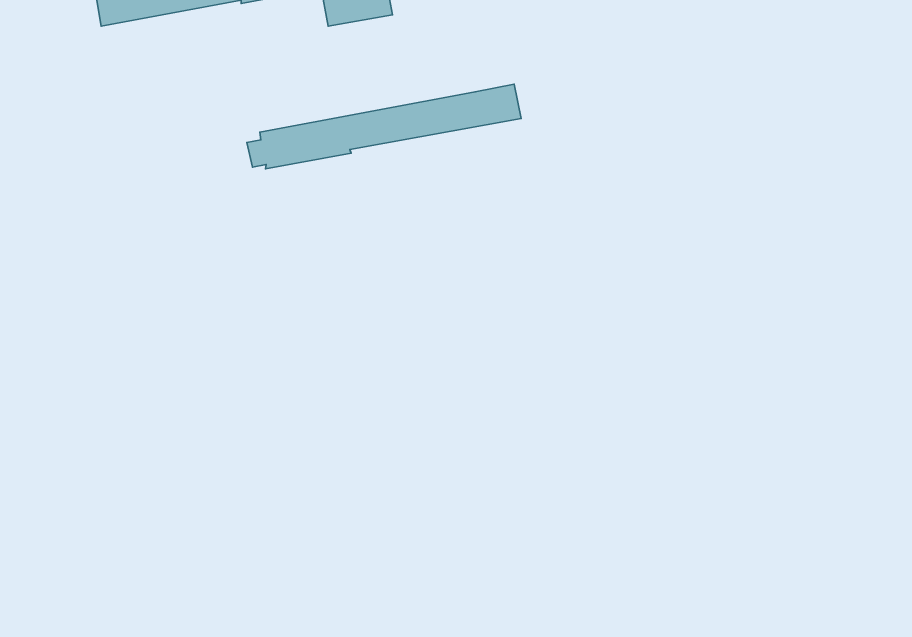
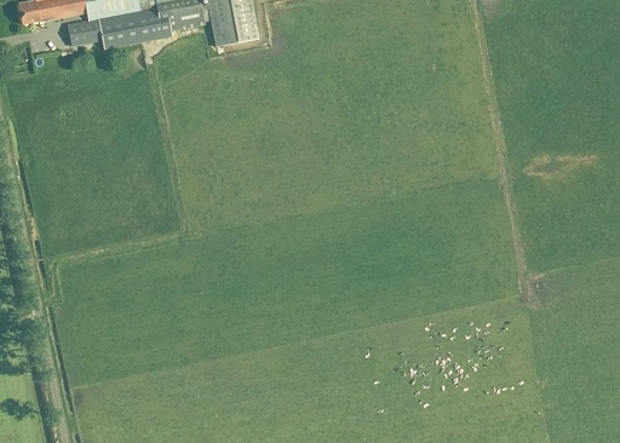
building: [247,84,521,169] -> none

